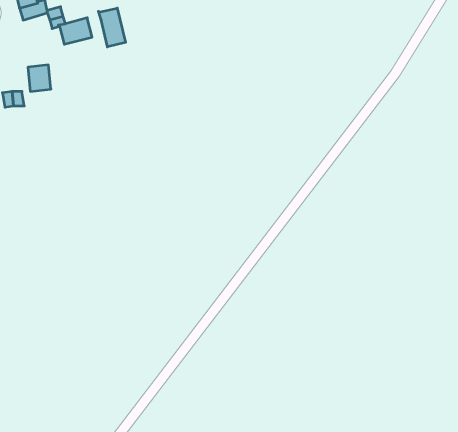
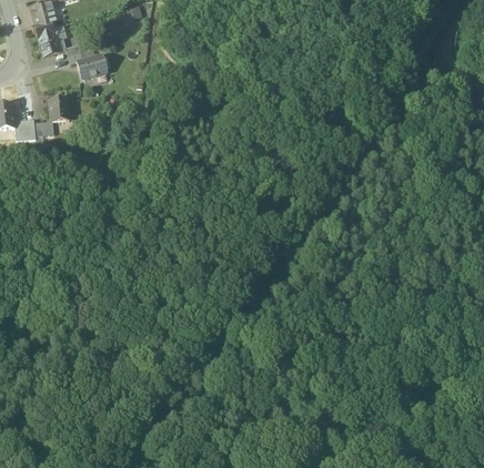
building: [98,8,126,47] -> none

